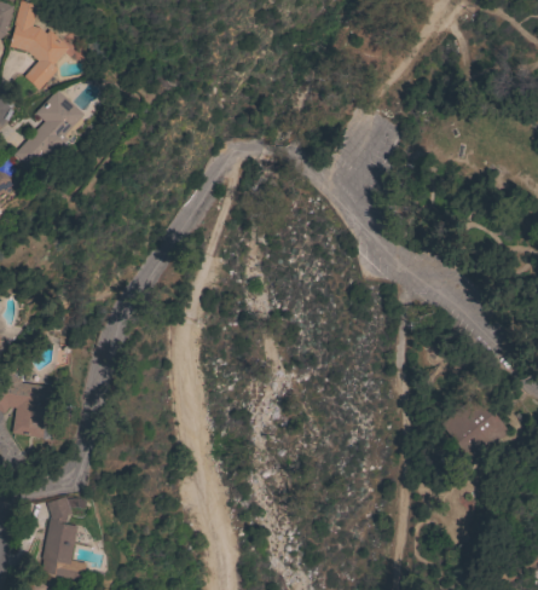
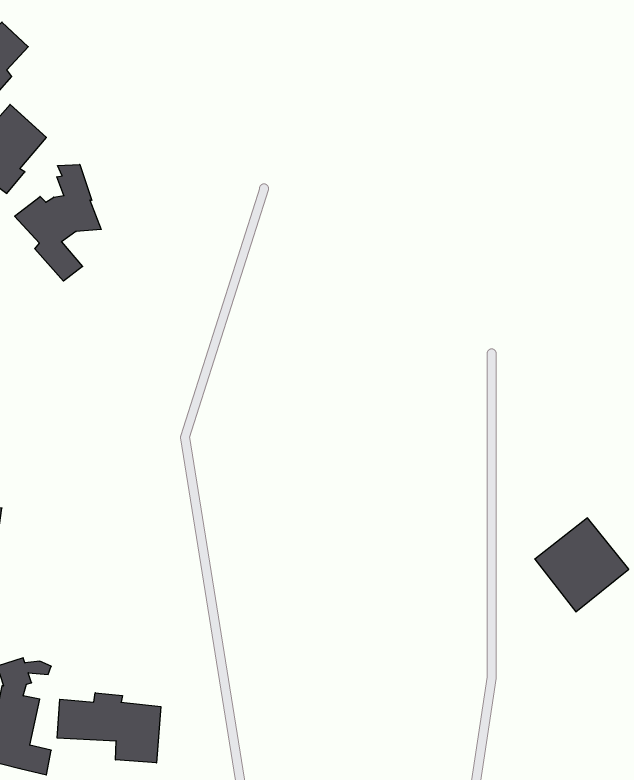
building: none -> [15,164,101,281]
building: none -> [57,693,161,763]

